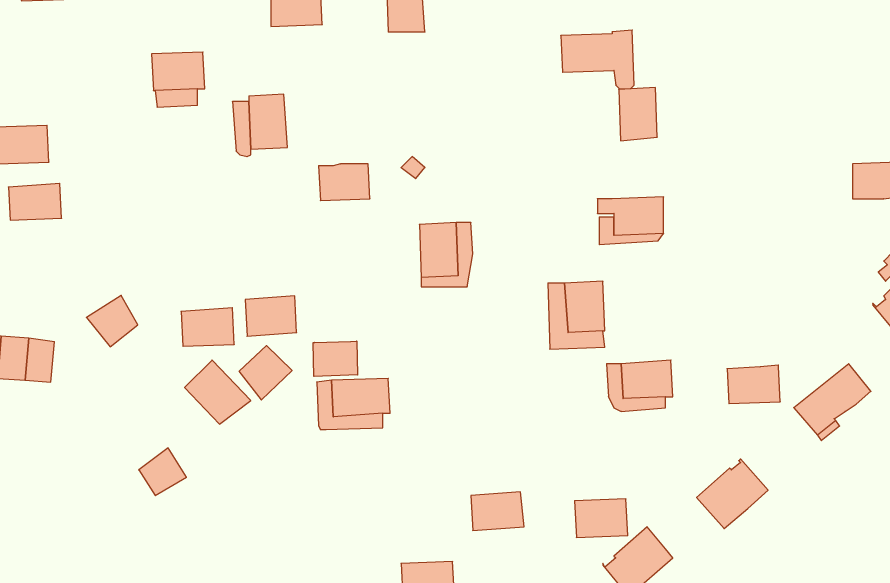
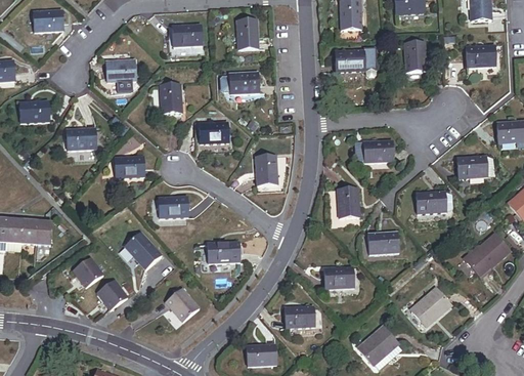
building: none -> [466,45,494,67]
building: none -> [221,72,259,93]
building: [619,88,657,141] -> [404,42,426,72]
building: [8,183,62,220] -> [67,128,96,149]
building: none -> [457,157,493,177]
building: [86,295,138,347] -> [73,256,101,285]
building: [181,308,234,346] -> [115,156,144,177]
building: [313,341,358,376] -> none
building: [239,346,292,400] -> none
building: [727,365,780,404] -> [416,191,445,212]
building: none -> [165,287,199,322]
building: [575,499,628,537] -> [324,266,354,288]

